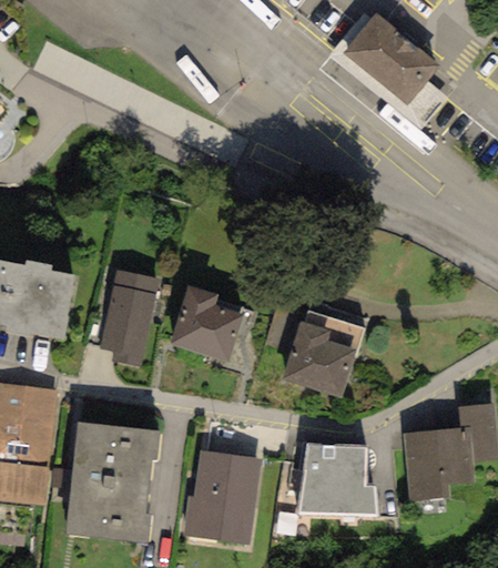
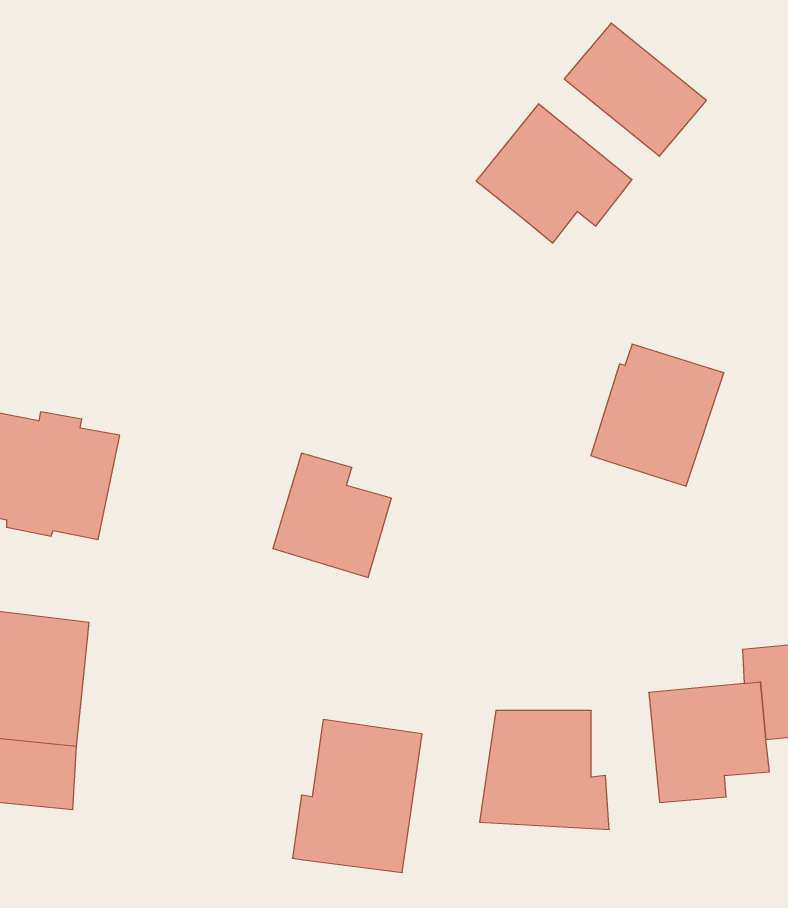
building: none -> [476,104,632,243]
building: [99,270,160,367] -> none
building: [282,310,364,397] -> [591,344,724,486]
building: [64,420,162,544] -> none

